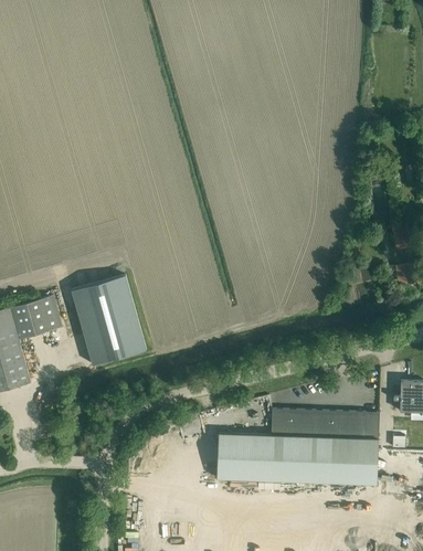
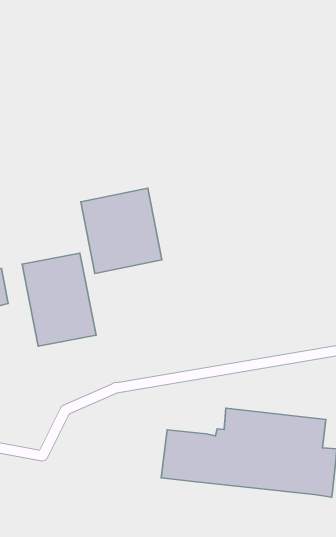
building: none -> [81,188,162,273]

